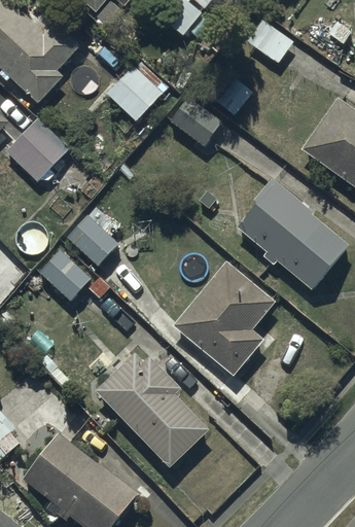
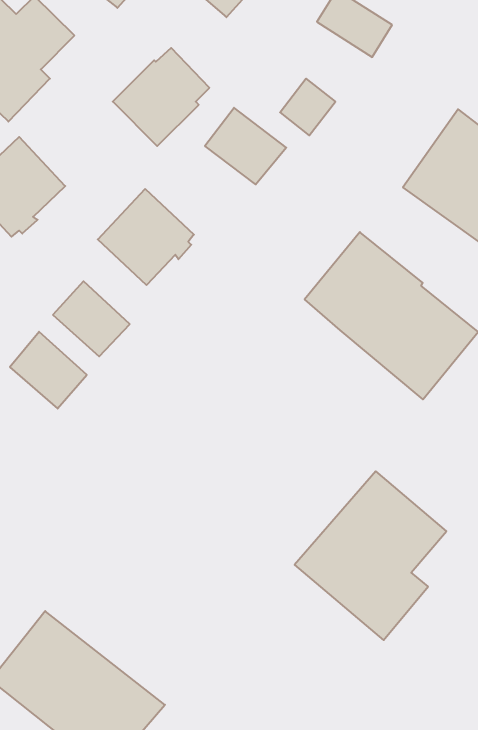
building: none -> [98,189,194,285]
building: [174,264,276,377] -> [295,471,446,640]
building: [95,353,209,469] -> none

